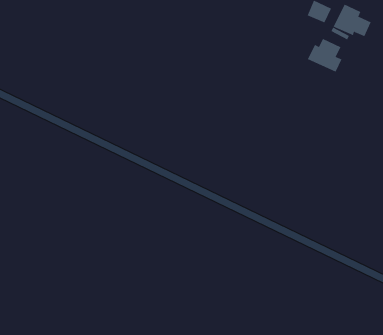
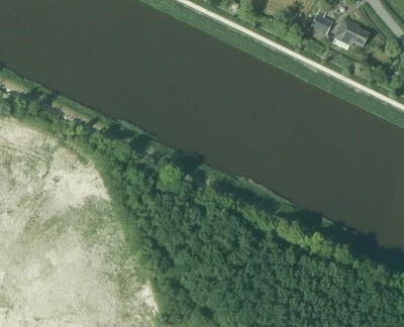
building: [307,38,342,72] -> none

